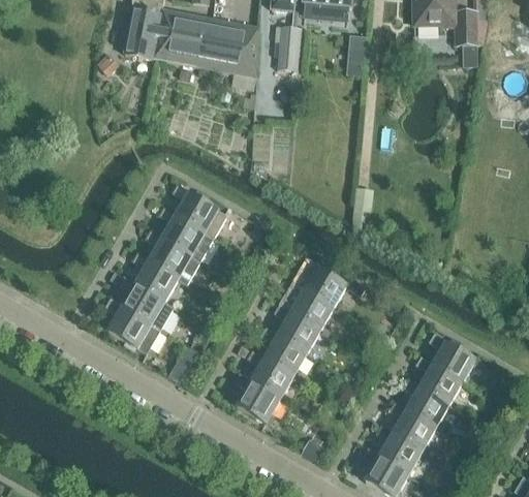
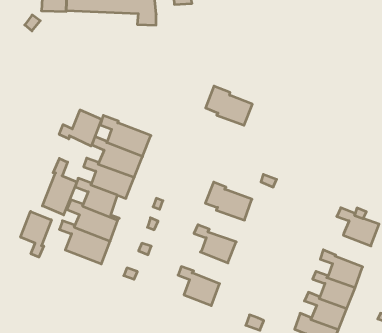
building: none -> [59,110,101,146]
building: none -> [42,158,77,215]
building: [291,256,346,307] -> [206,86,252,125]
building: none -> [21,211,51,257]
building: [273,303,320,353] -> none
building: [246,349,293,399] -> none
building: [415,355,462,405] -> none

